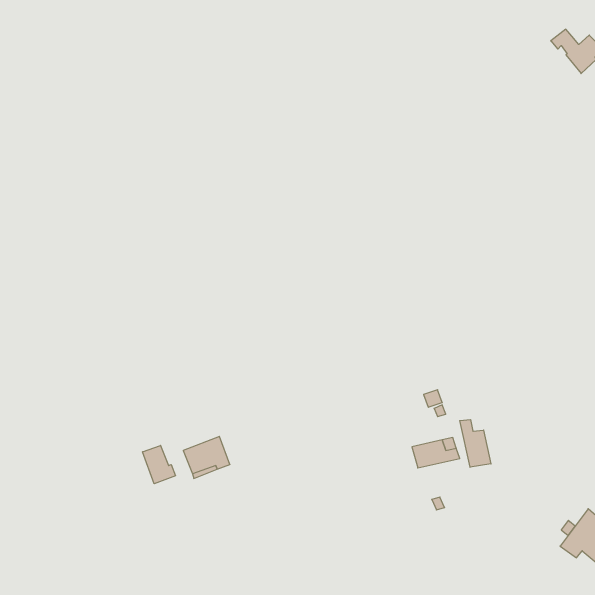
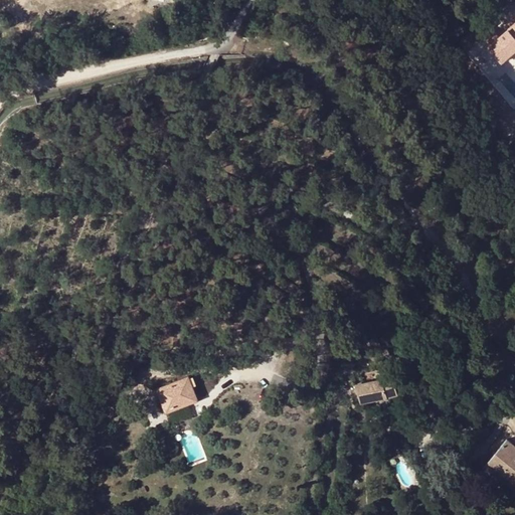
building: [460,420,491,467] -> none
building: [143,445,175,484] -> none

